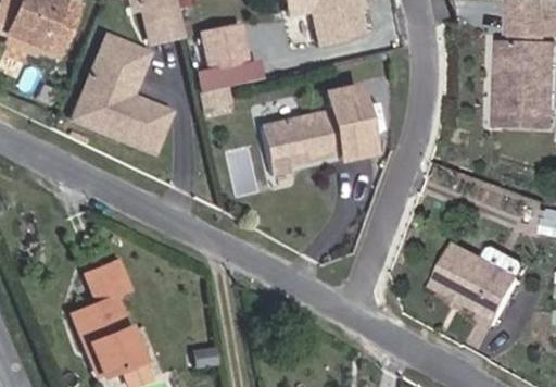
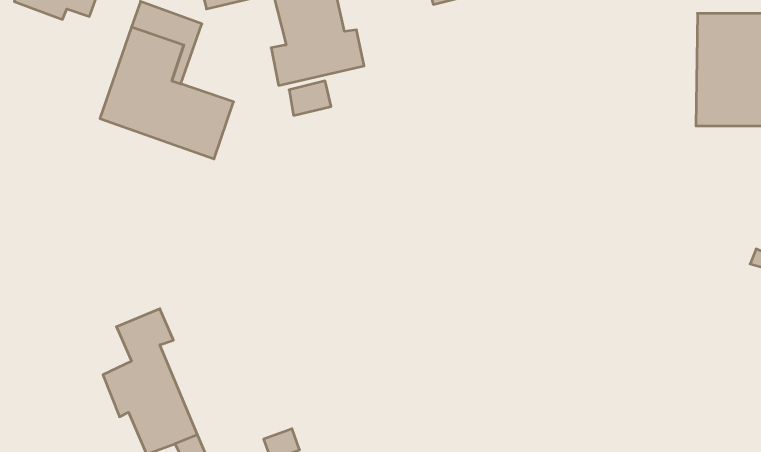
building: [267,90,379,185] -> none
building: [434,246,516,321] -> none

